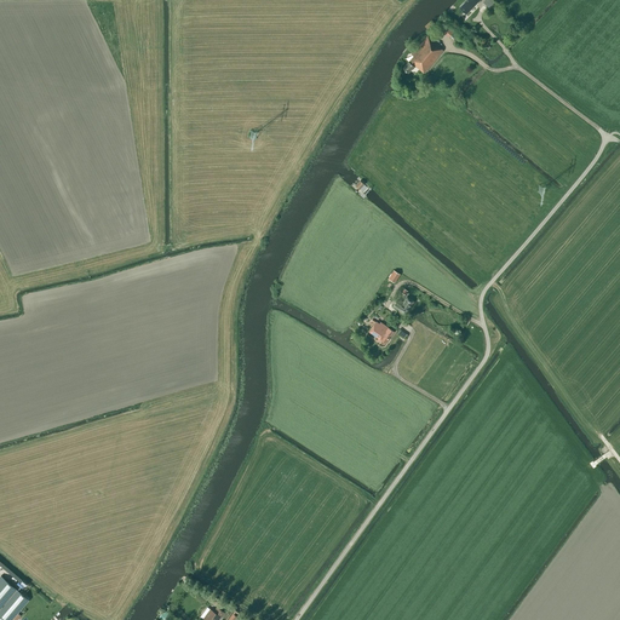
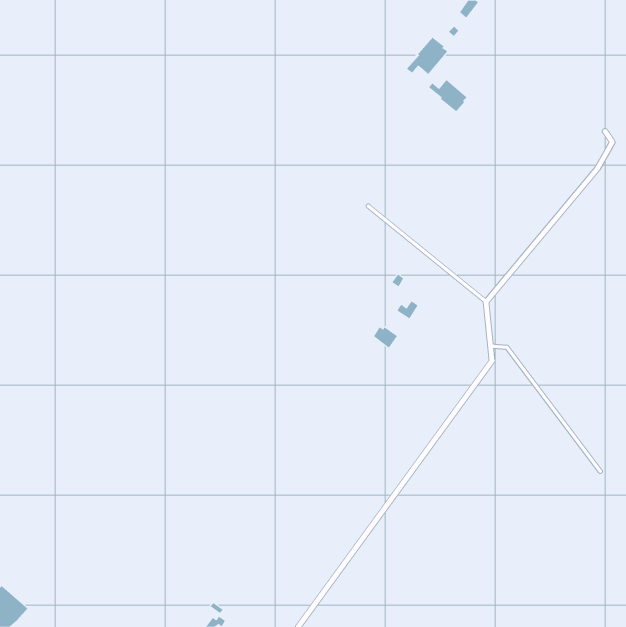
building: none -> [428,79,468,112]

